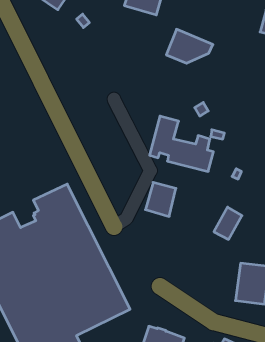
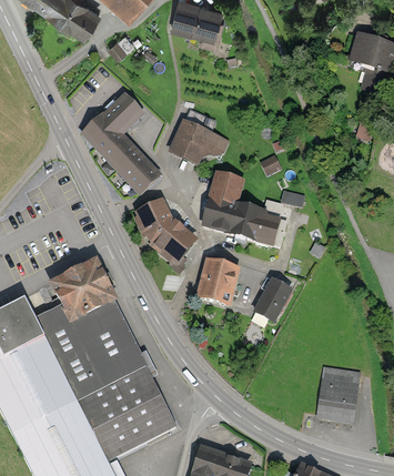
building: [166,29,213,63] -> [168,120,229,164]
building: none -> [82,97,160,194]
building: none -> [138,202,193,261]
building: [214,207,242,239] -> [254,280,291,322]

